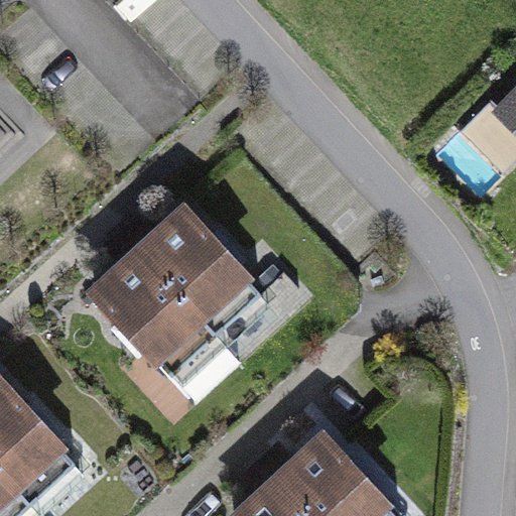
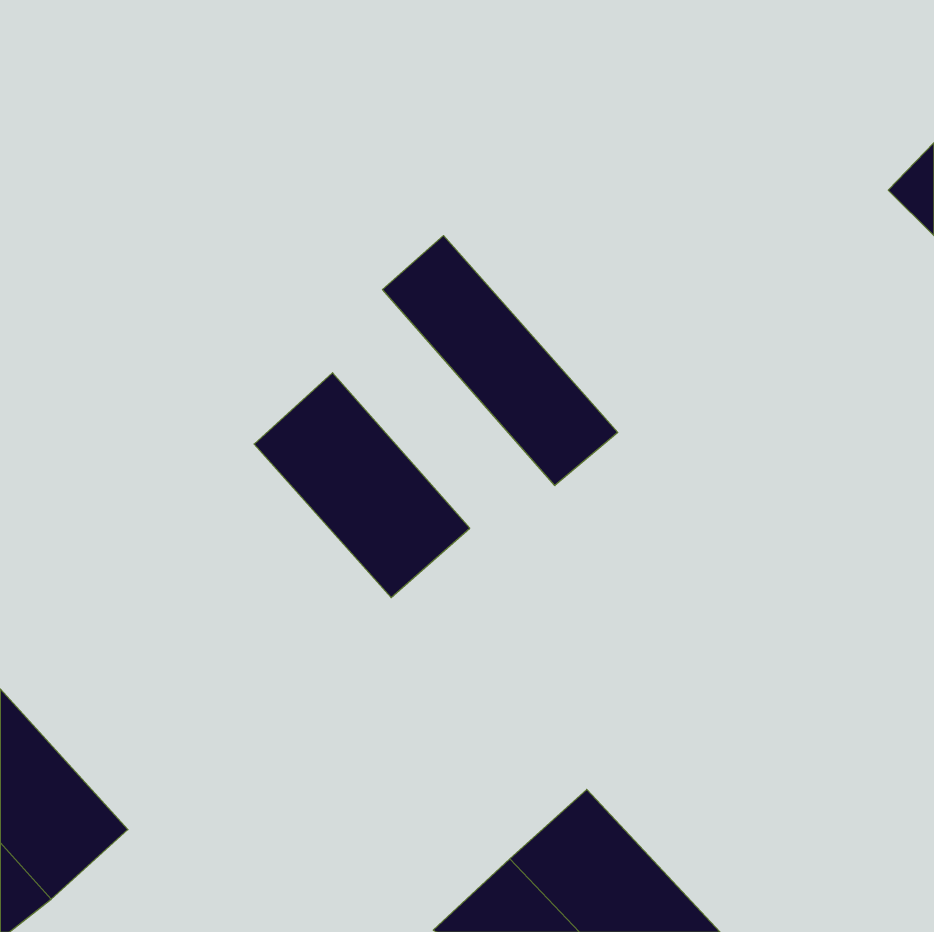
building: none -> [383,236,618,486]
building: [96,245,216,368] -> none

